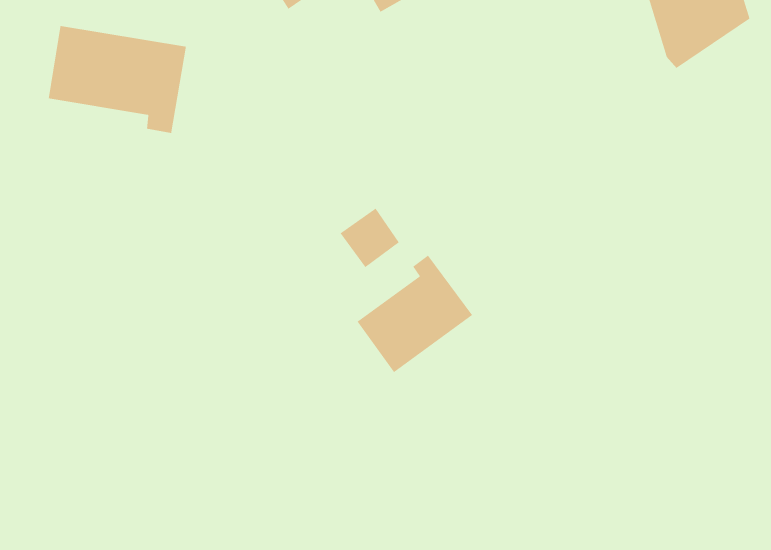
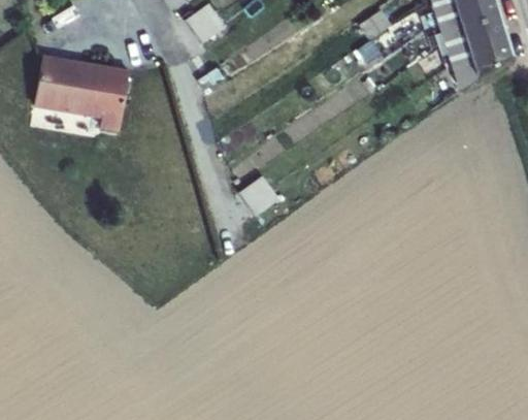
building: [356,255,473,373] -> none

